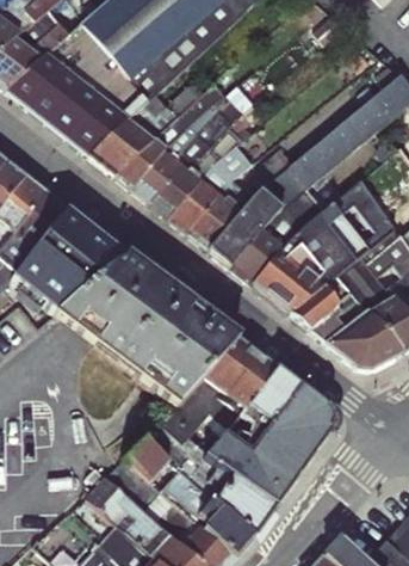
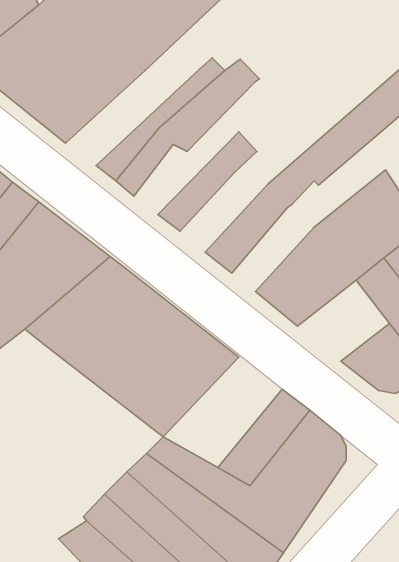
building: [89,76,204,174] -> none
building: [148,103,262,216] -> none
building: [187,150,285,248] -> none
building: [231,210,302,282] -> none
building: [287,272,366,342] -> none
building: [173,338,274,432] -> none

